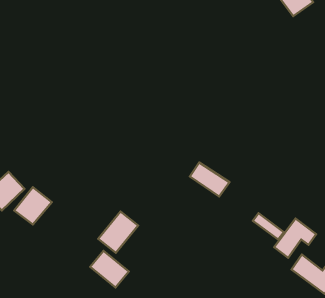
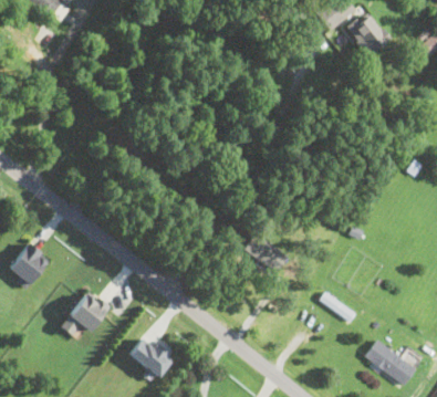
building: [14,187,52,225] -> [66,290,111,334]
building: [98,211,138,253] -> none
building: [274,219,316,258] -> none

